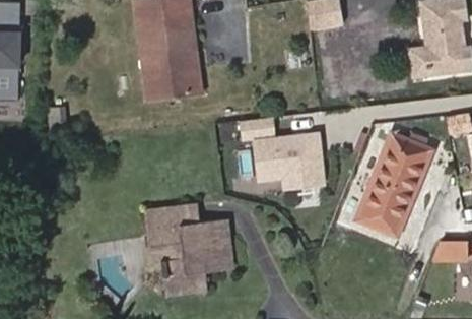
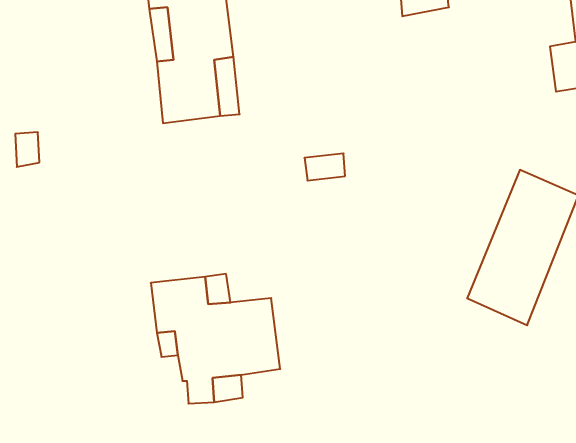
building: [253,133,323,189] -> none

